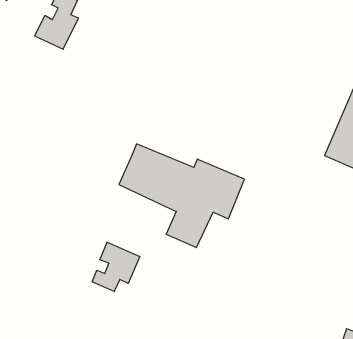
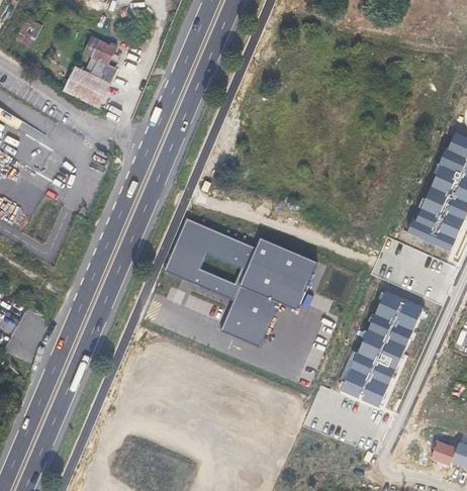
building: none -> [342,291,424,406]
building: [92,242,140,292] -> none

